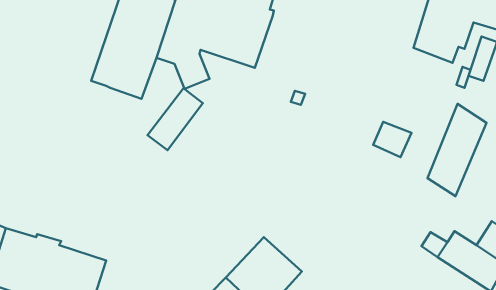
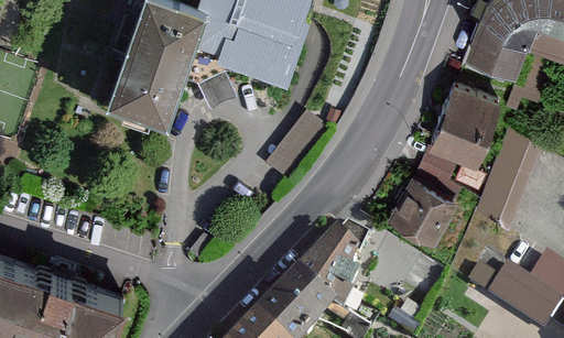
building: none -> [431,78,498,156]
building: [148,88,203,150] -> [262,106,323,174]
building: none -> [388,172,455,238]
building: none -> [296,221,366,310]

